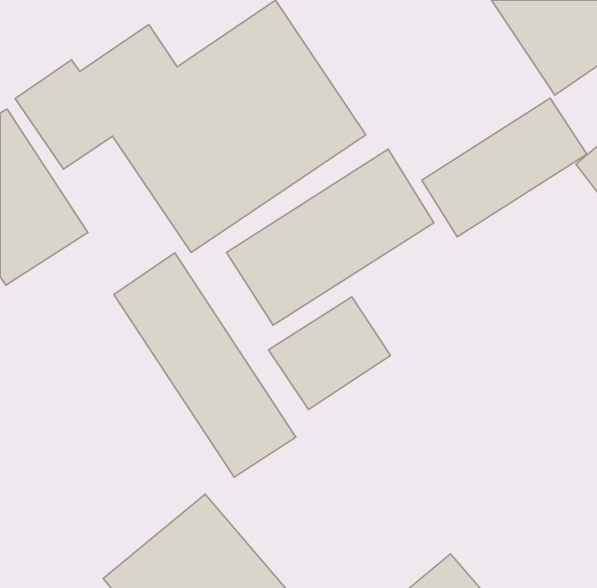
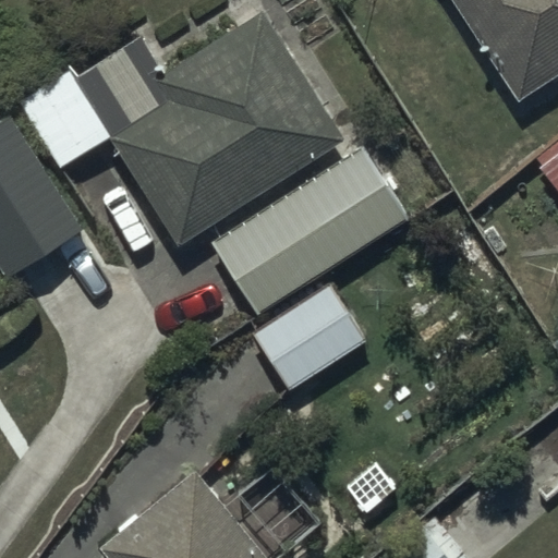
building: [422,98,587,237] -> none
building: [114,253,296,477] -> none

